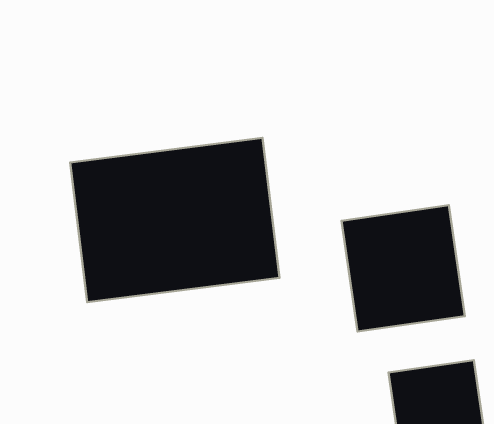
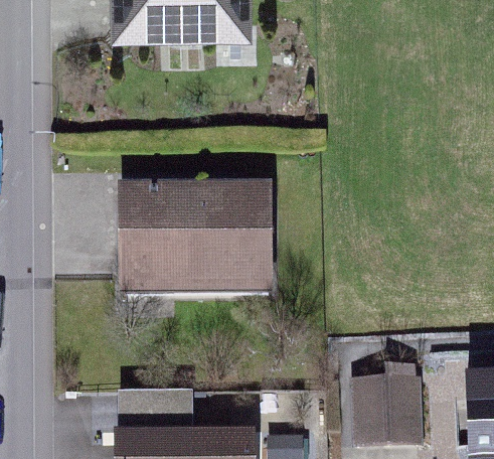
building: [342,205,465,332] -> none

